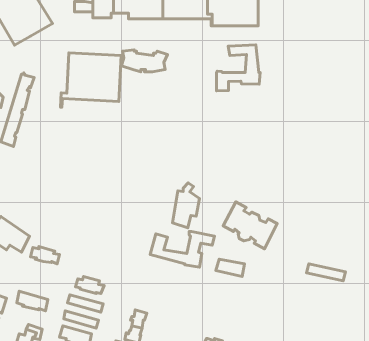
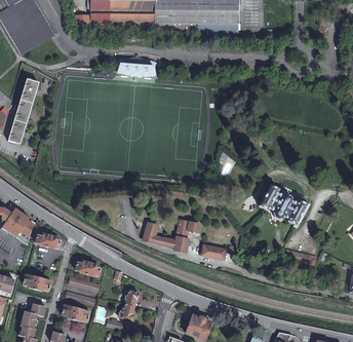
building: [216,45,260,91] -> none
building: [61,53,121,107] -> none
building: [172,183,200,228] -> none
building: [223,202,277,249] -> [260,184,308,226]

